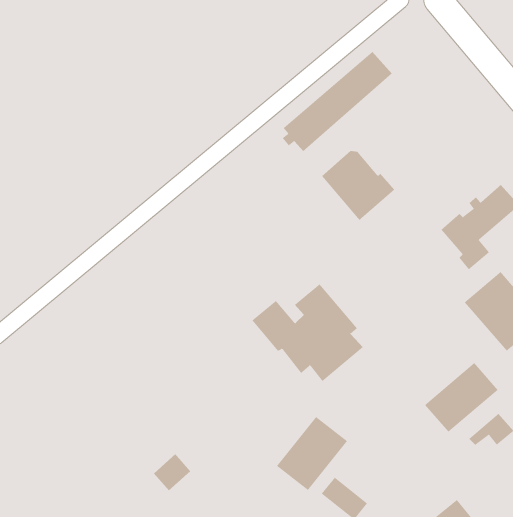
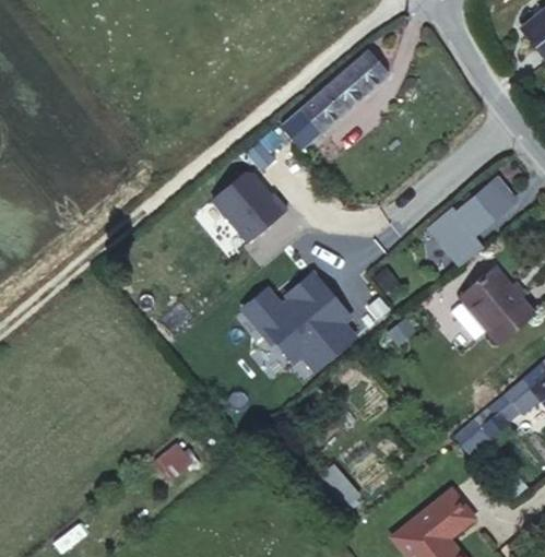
building: [321,150,395,221] -> [217,168,289,237]
building: [424,362,498,433] -> none
building: [276,416,348,491] -> none

